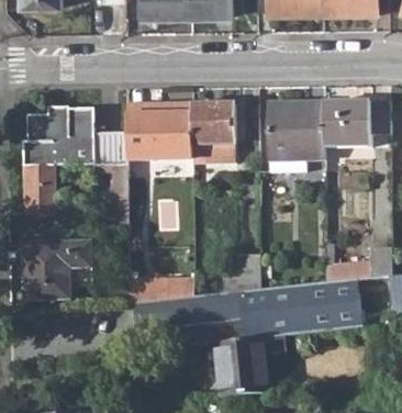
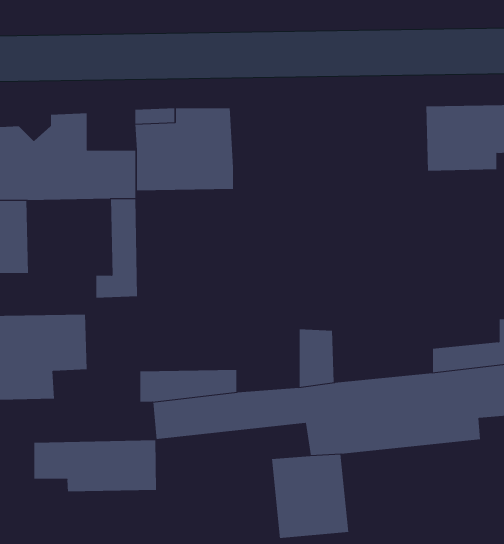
building: [267,102,323,160] -> none
building: [189,103,231,164] -> none
building: none -> [34,439,157,492]

